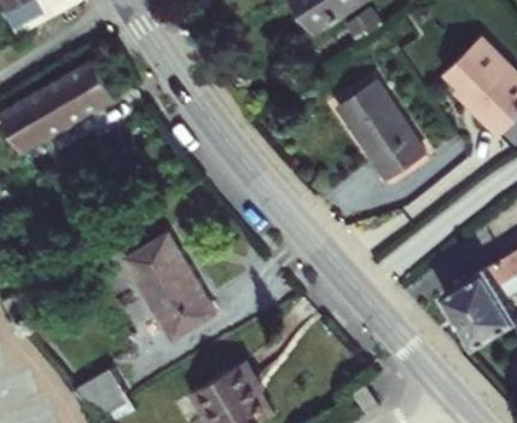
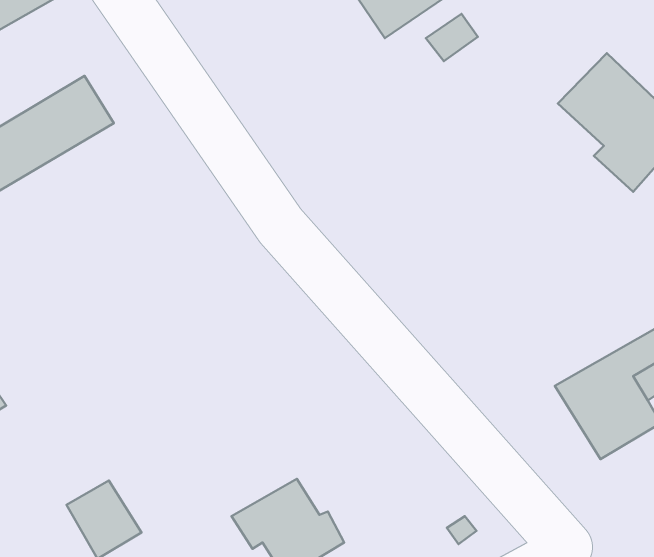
building: [331,89,419,187] -> none
building: [133,232,221,334] -> none

